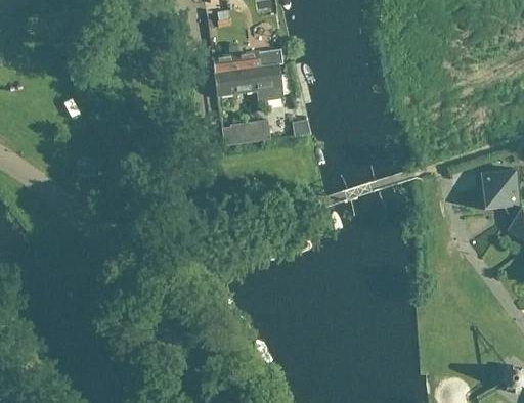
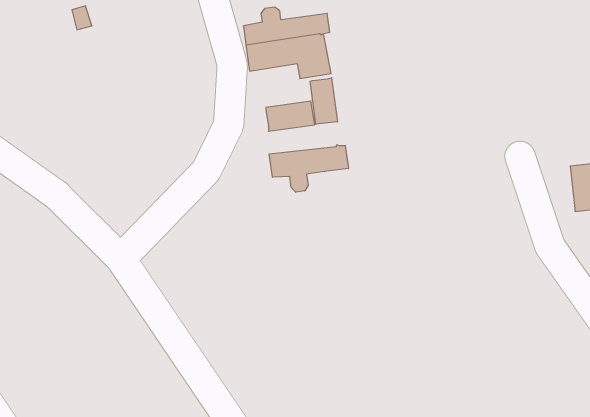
building: none -> [310,78,337,124]
building: none -> [269,145,348,192]

